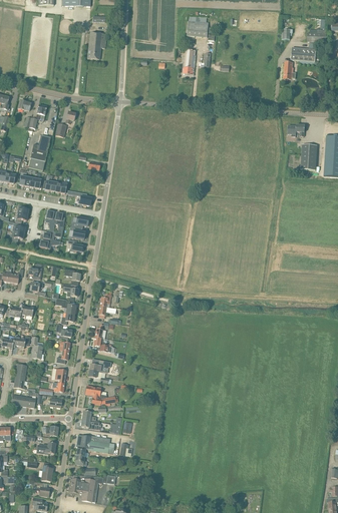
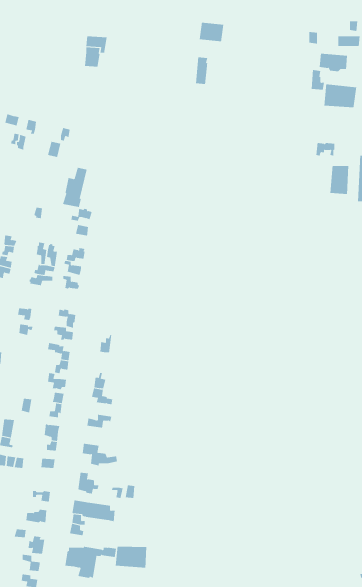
building: none -> [324,83,357,108]
building: [28,135,50,170] -> [62,167,88,208]
building: none -> [115,546,147,569]

